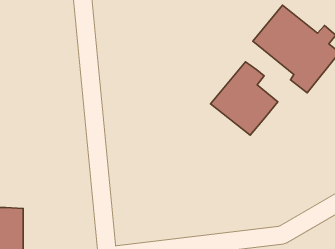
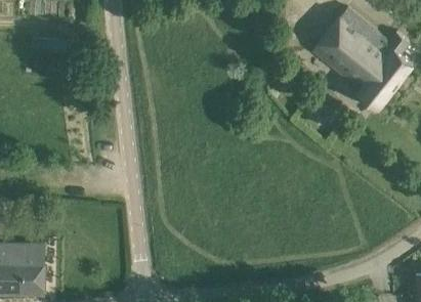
building: [211,62,278,135] -> none

